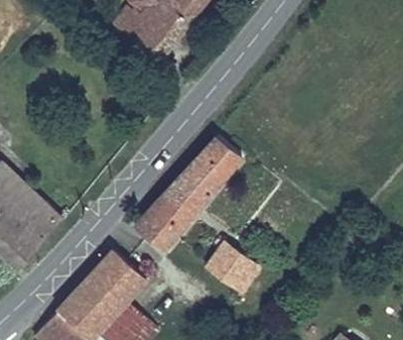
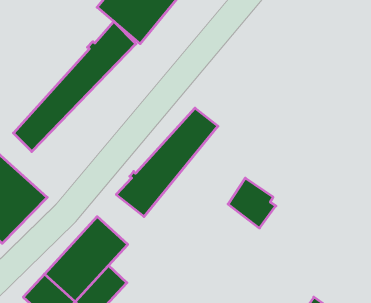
building: none -> [13,21,136,152]
building: [208,240,258,293] -> [228,178,276,228]

